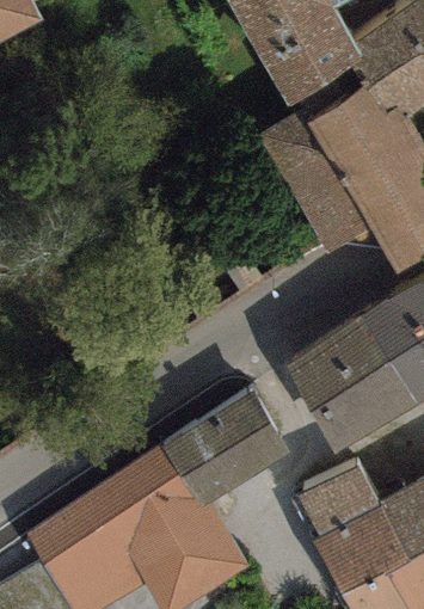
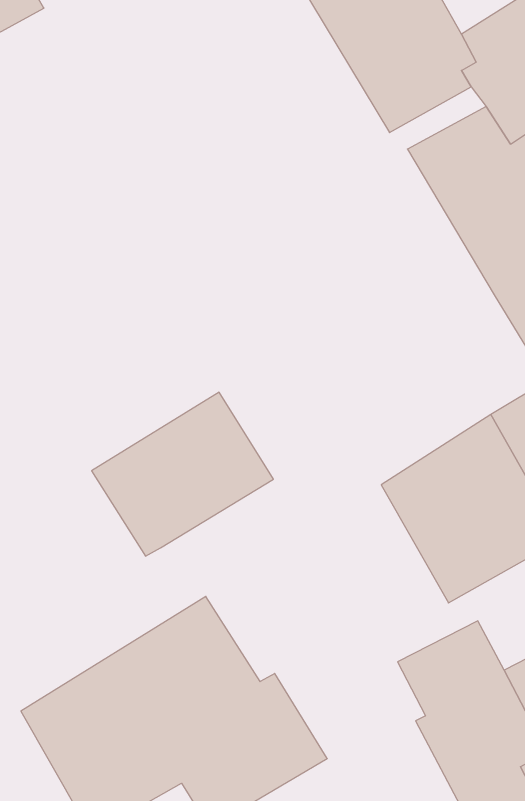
building: [257,76,368,251] -> none
building: [158,390,290,510] -> [92,392,273,556]

